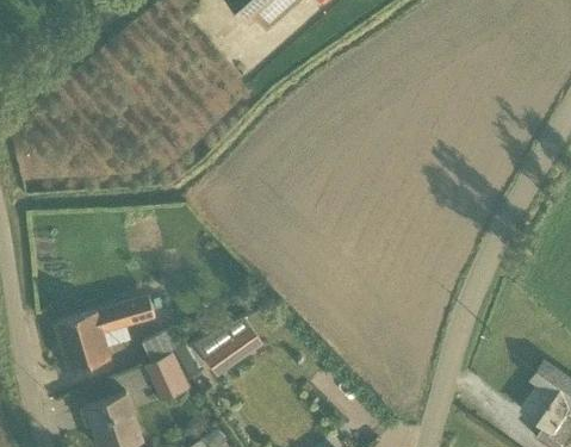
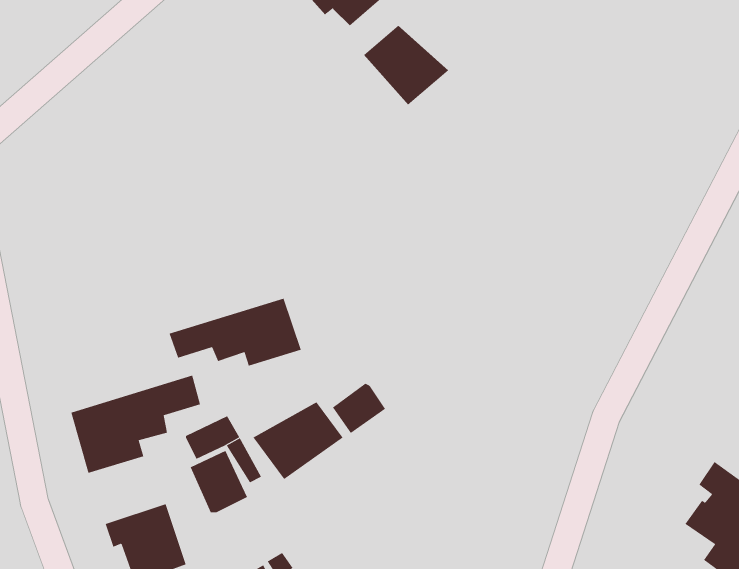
building: none -> [363,25,449,106]
building: none -> [169,298,302,366]
building: none -> [332,383,386,434]

